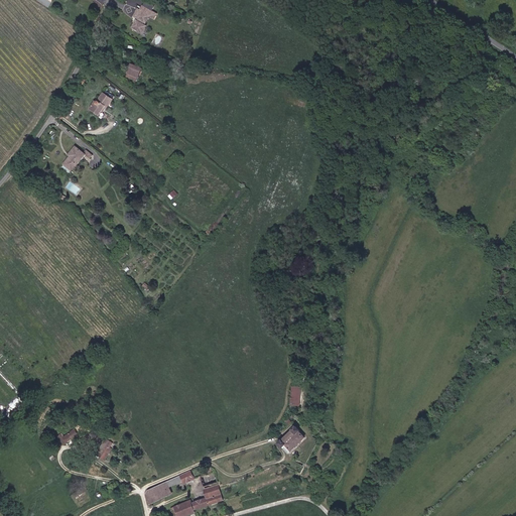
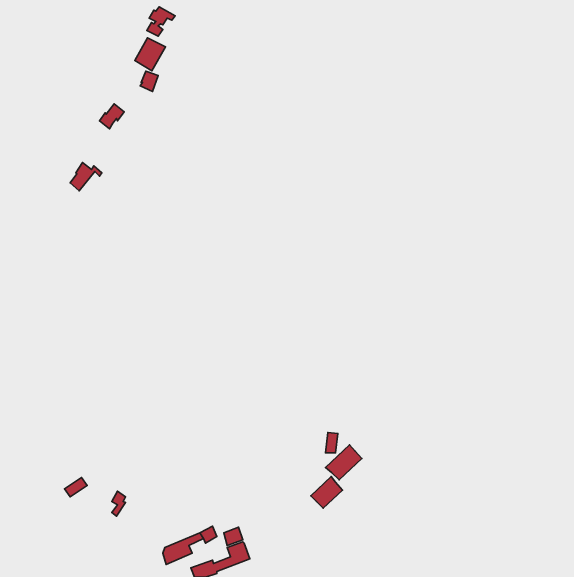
building: none -> [135,38,166,71]
building: none -> [326,445,362,480]

